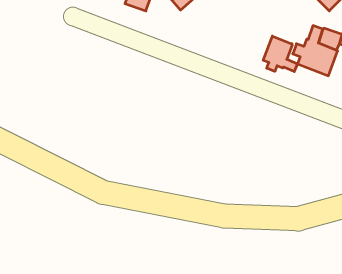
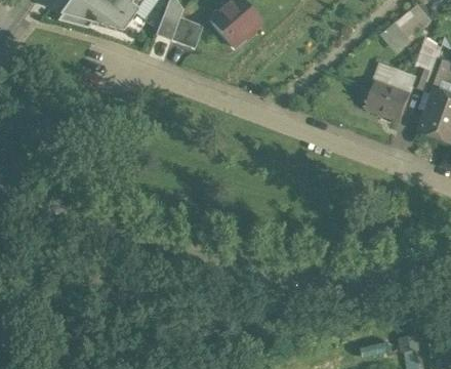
building: [263,36,297,72] -> none

